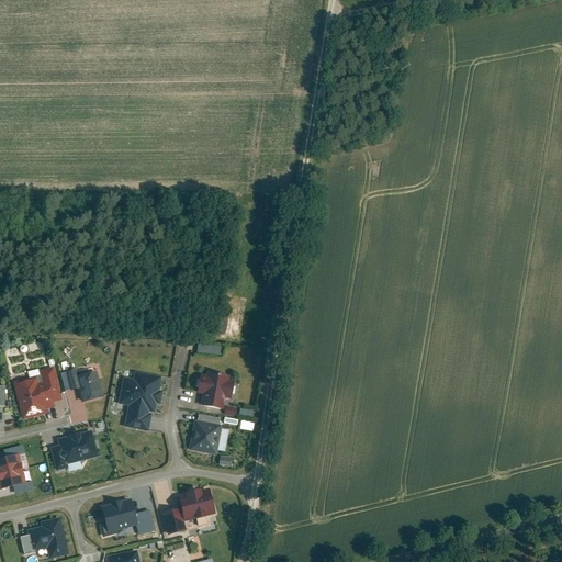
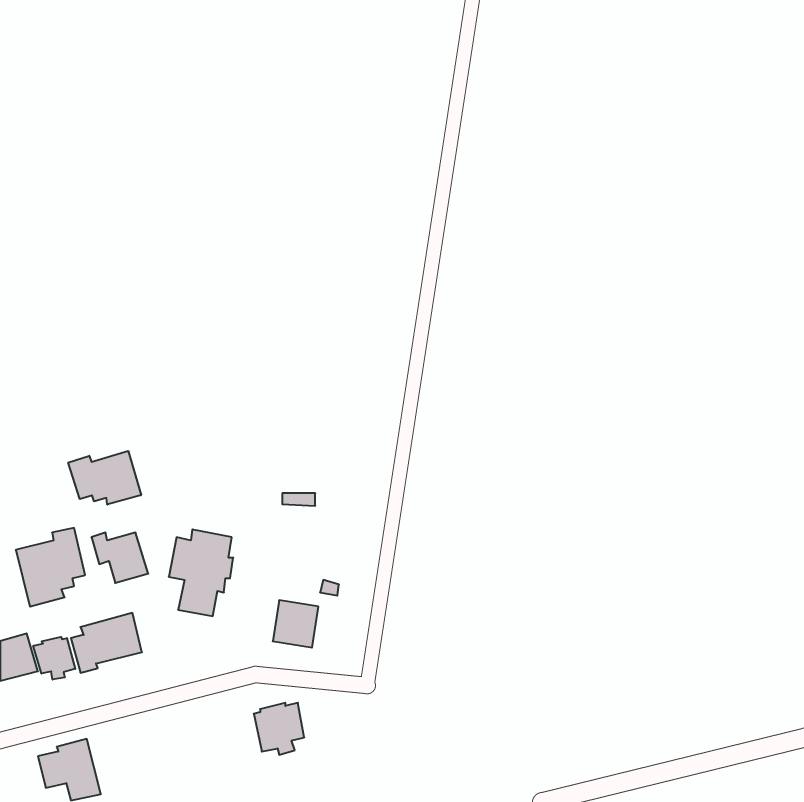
building: none -> [68,451,141,505]
building: [196,372,233,409] -> none
building: none -> [33,637,75,680]
building: [102,495,140,532] -> none

